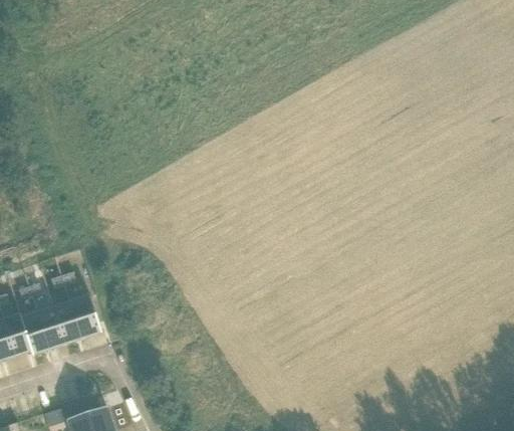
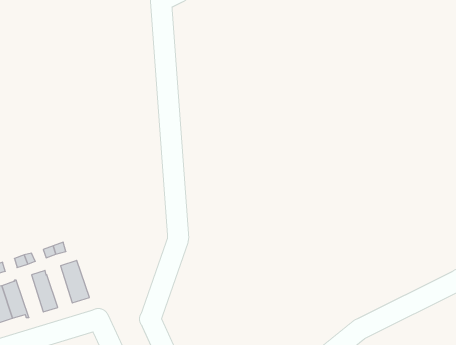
building: [53,298,81,345] -> none
building: [19,308,49,356] -> none

